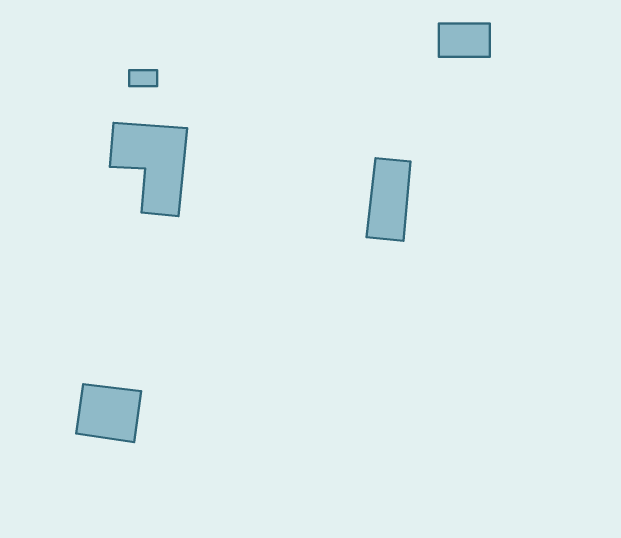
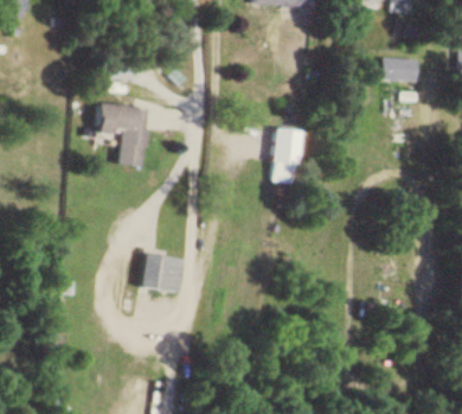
building: [439,24,490,57] -> [384,58,418,81]
building: [76,384,141,442] -> [141,253,185,292]

